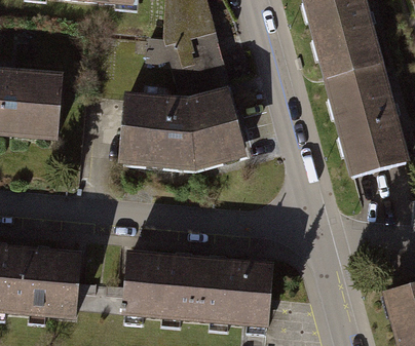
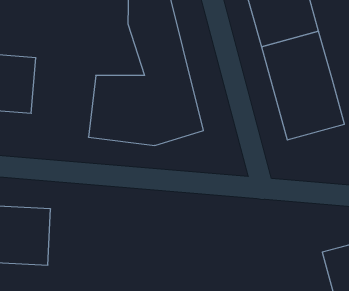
building: [122,256,274,328] -> none

